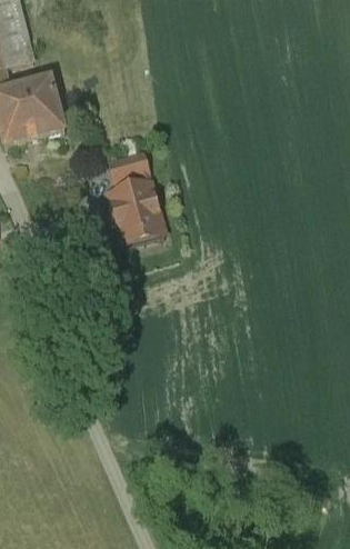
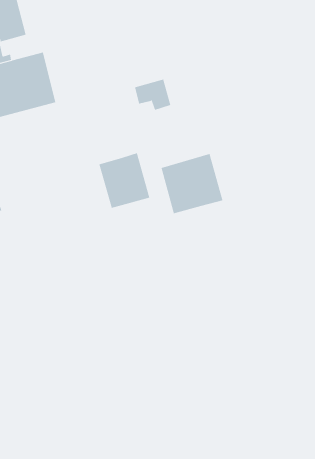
building: [110,152,149,186] -> [134,79,171,111]
building: none -> [161,153,223,214]

